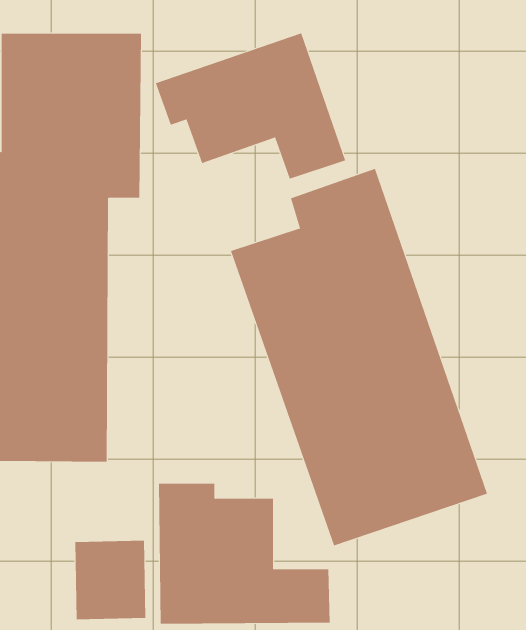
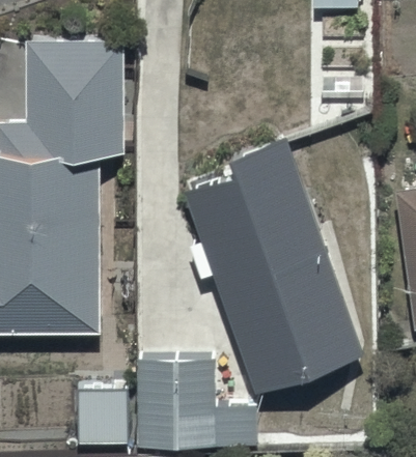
building: [155,33,346,180] -> none

